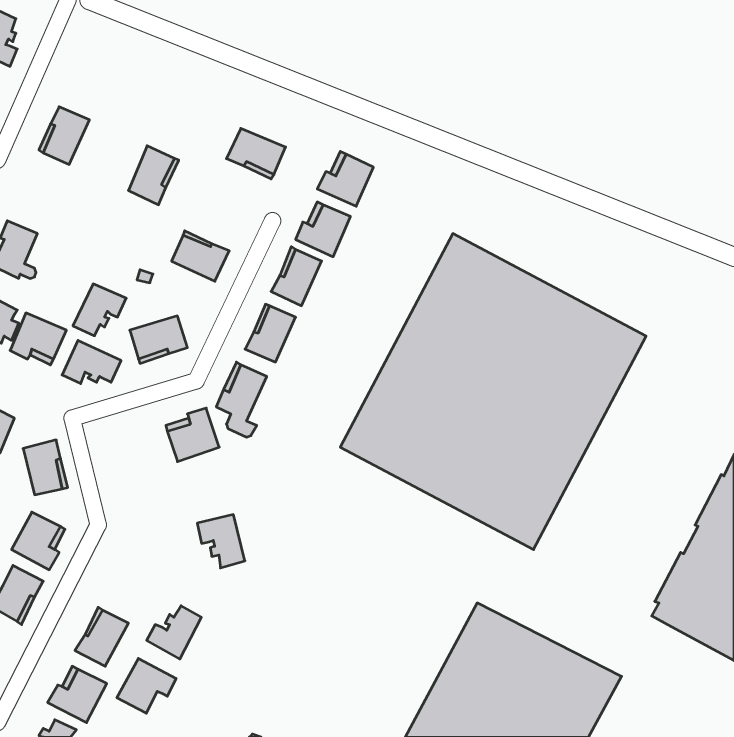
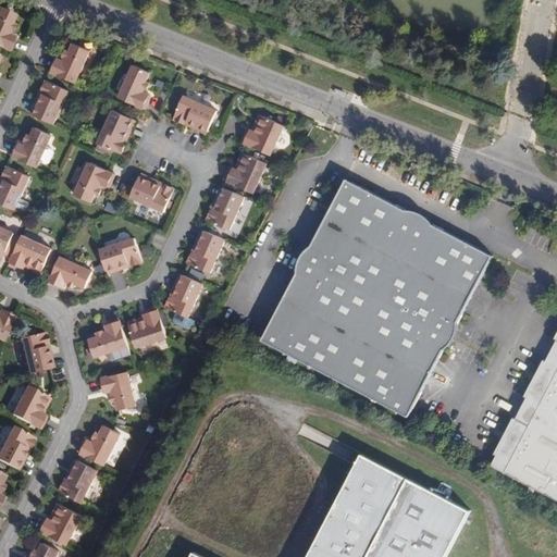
building: none -> [48,44,88,83]
building: none -> [116,66,148,109]
building: none -> [11,127,52,168]
building: [73,284,126,336] -> [73,163,113,202]
building: none -> [87,320,129,361]
building: [197,515,245,568] -> [99,371,135,411]
building: [147,606,201,659] -> [77,425,119,466]
building: [117,658,176,713] -> none

